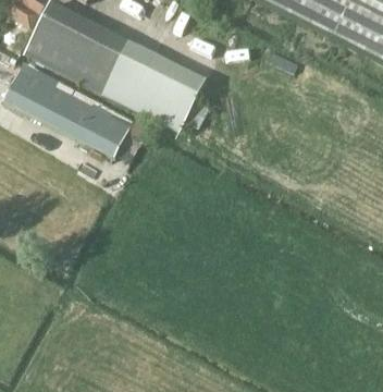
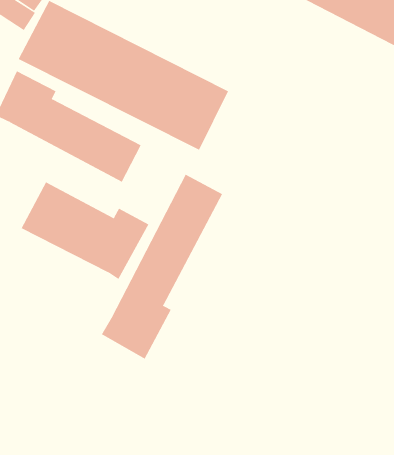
building: none -> [101,174,223,360]
building: none -> [21,181,149,280]

